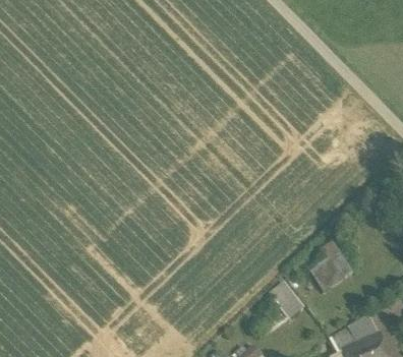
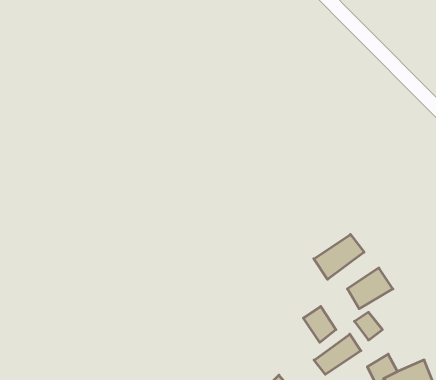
building: none -> [314,234,364,279]
building: none -> [314,334,361,374]

